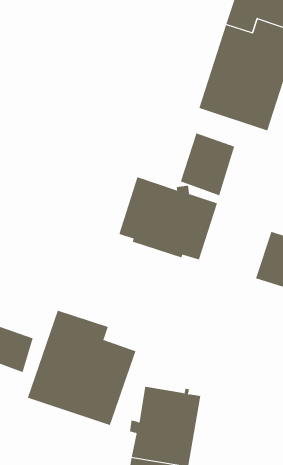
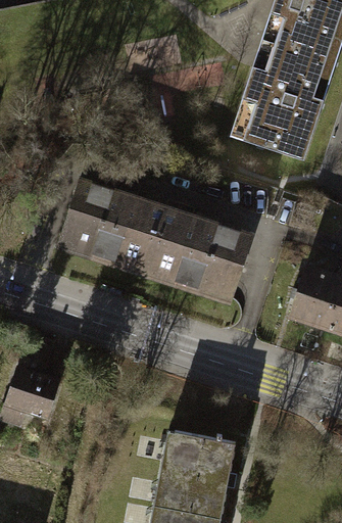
building: [180,132,235,196] -> none
building: none -> [60,180,165,269]
building: [27,310,136,426] -> none

